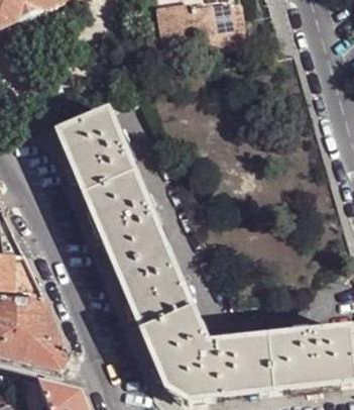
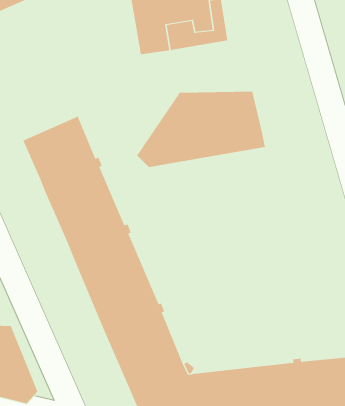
building: none -> [136,91,265,168]

